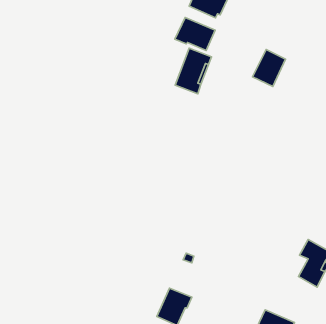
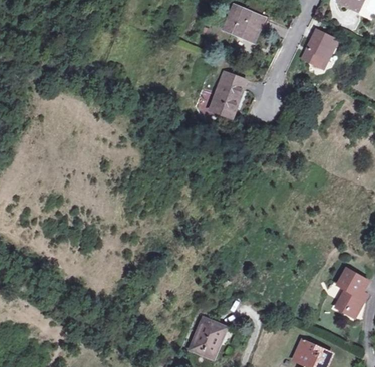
building: [175,17,215,50] -> none
building: [252,49,286,87] -> [303,32,337,70]

